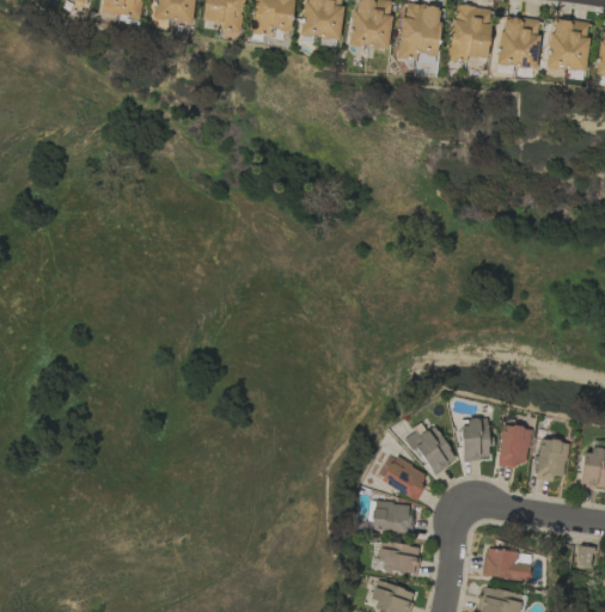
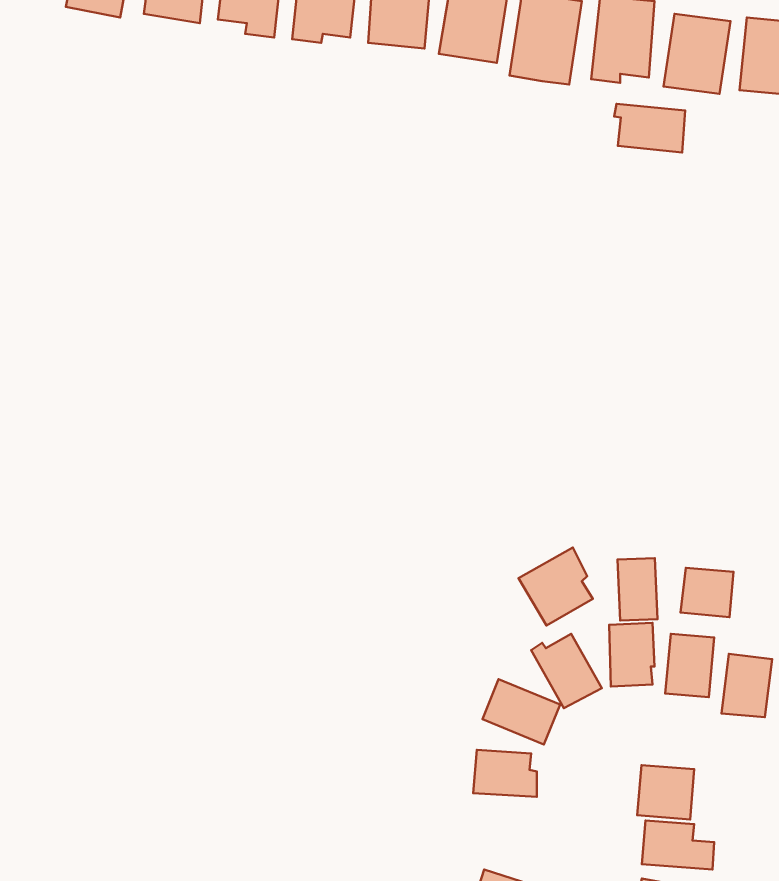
building: none -> [614,104,685,153]
building: none -> [518,548,593,626]
building: none -> [617,558,657,621]
building: none -> [681,568,733,617]
building: none -> [637,765,694,819]
building: [379,541,422,575] -> none

